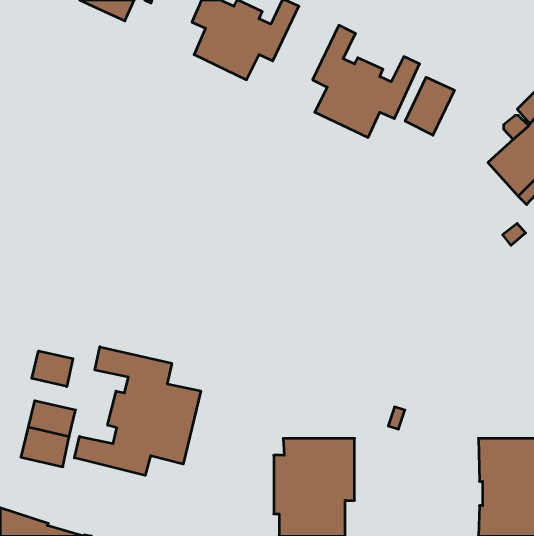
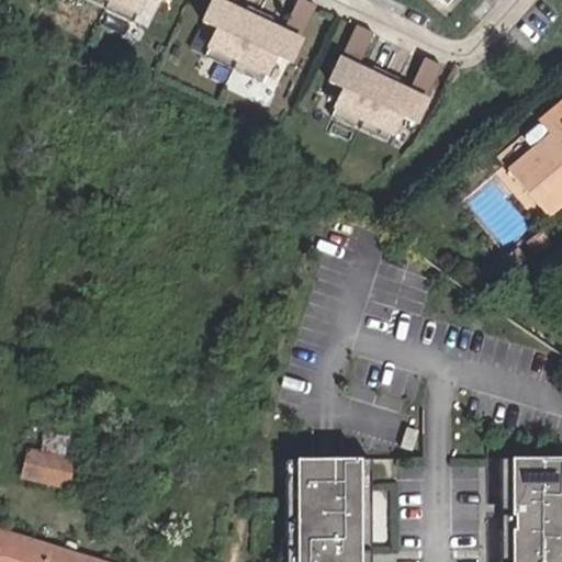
building: [405,77,454,135] -> none
building: [74,347,201,475] -> none
building: [32,351,73,387] -> none

